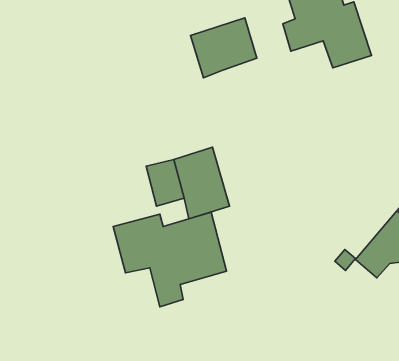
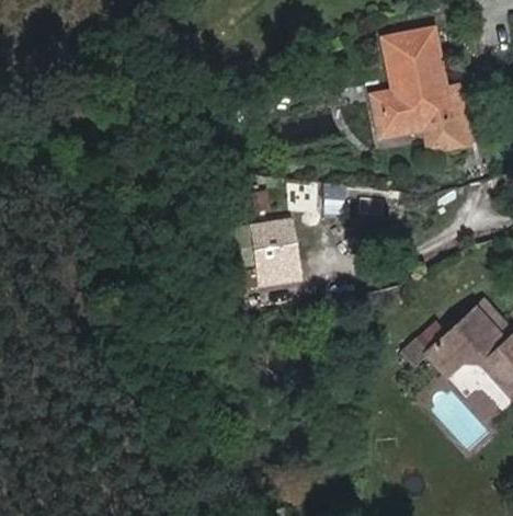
building: [191,18,257,78] -> none
building: [113,212,226,307] -> none

